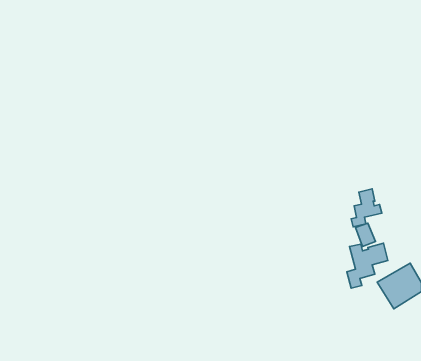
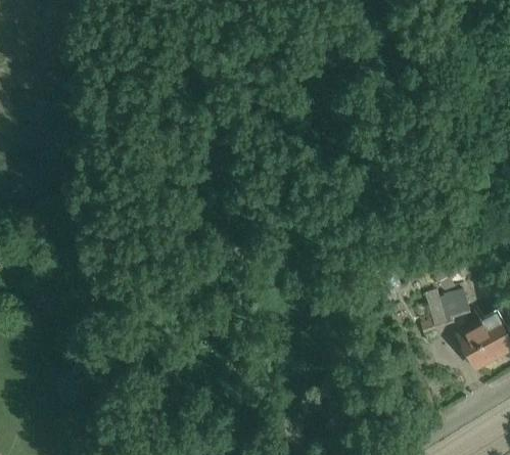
building: [351,189,382,227] -> none

